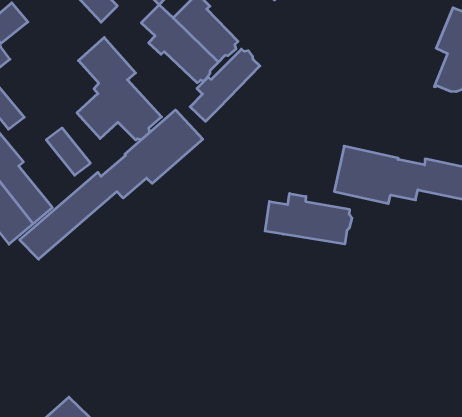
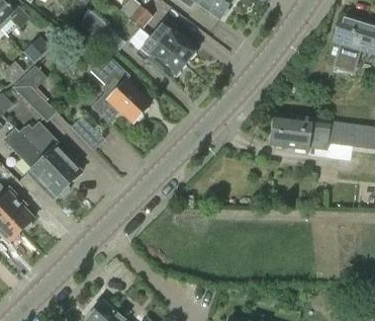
building: [190,49,260,121] -> none
building: [20,110,203,259] -> none
building: [265,193,352,244] -> none

